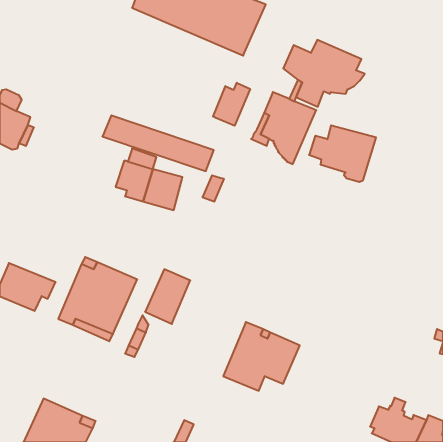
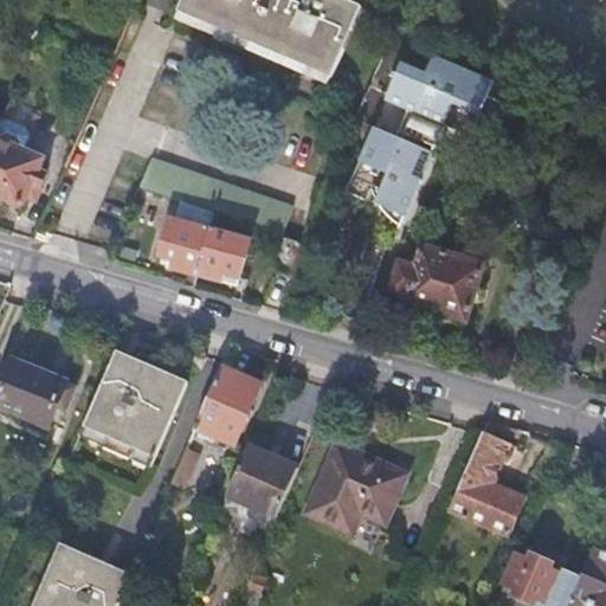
building: [213,83,250,126] -> none
building: [309,125,376,182] -> [391,246,482,323]
building: none -> [449,421,524,535]
building: none -> [219,444,298,534]

